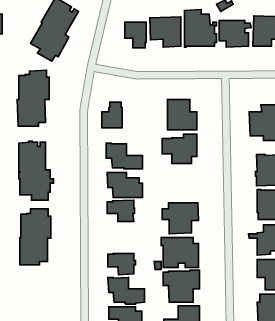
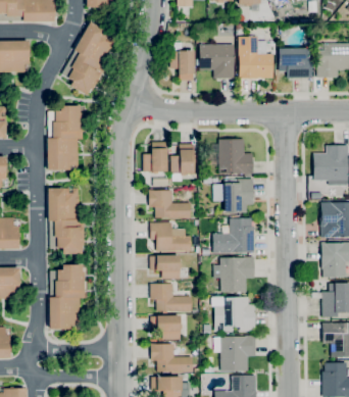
building: none -> [171,144,194,181]
building: none -> [213,217,255,253]
building: none -> [151,284,192,313]

